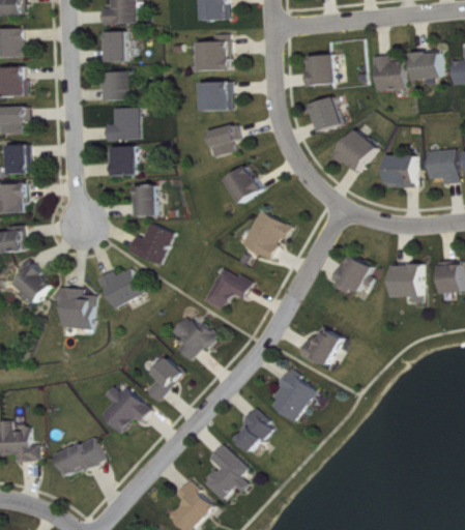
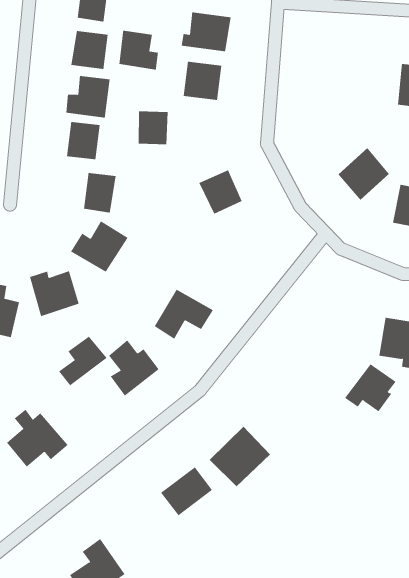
building: [307,54,333,84] -> none
building: none -> [119,30,159,70]
building: [308,96,342,131] -> none
building: [207,125,235,155] -> [138,111,169,145]
building: [242,210,292,259] -> none
building: [332,255,373,293] -> [344,364,397,412]
building: [300,326,342,366] -> none
building: [146,357,184,401] -> [58,336,107,386]
building: [204,444,249,500] -> none

